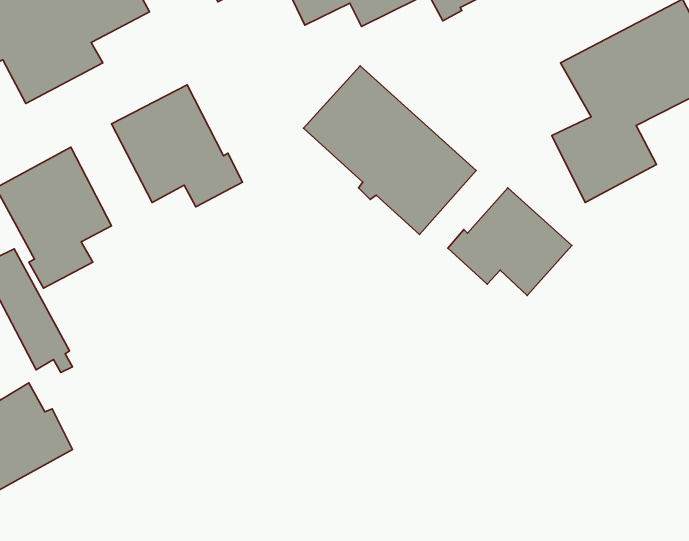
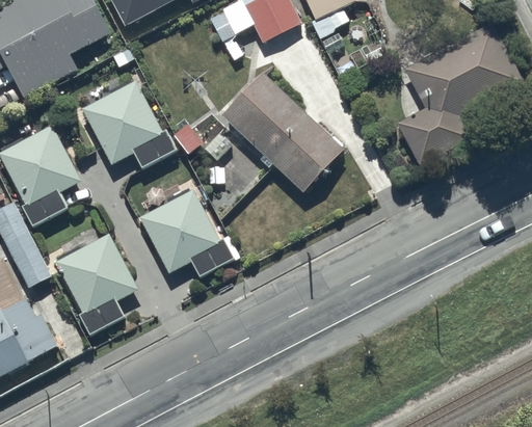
building: [448,188,572,295] -> none
building: none -> [140,192,242,278]
building: none -> [55,228,137,337]

